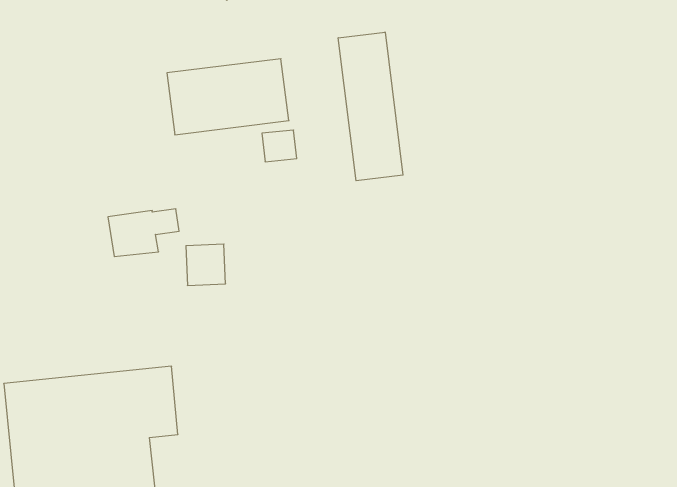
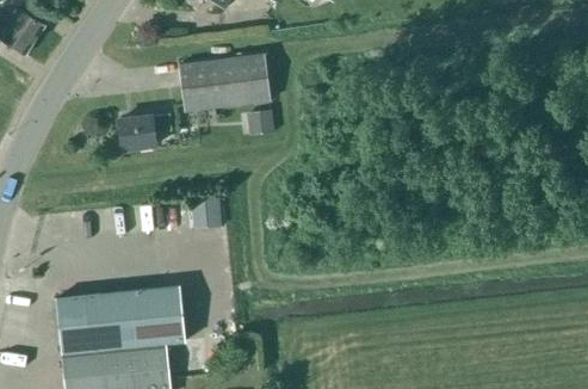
building: [338,32,403,181] -> none
building: [108,209,179,257] -> [118,115,172,150]

